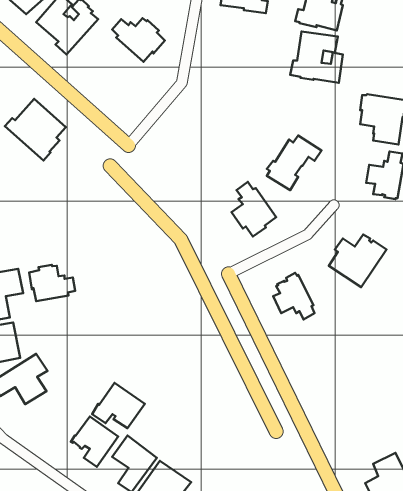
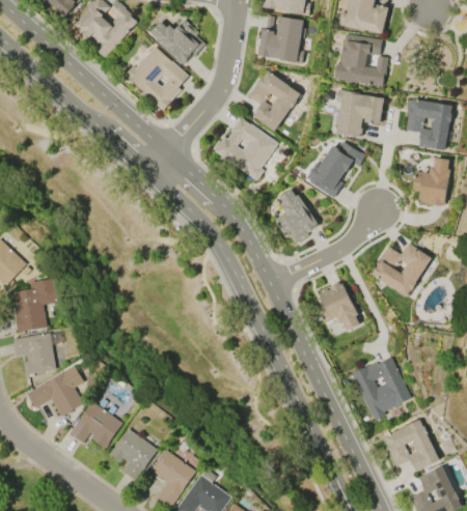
building: none -> [257,16,304,63]
building: none -> [247,72,302,132]
building: none -> [335,89,384,137]
building: [5,99,66,161] -> [125,47,187,110]
building: none -> [212,117,277,181]
building: [29,265,75,301] -> none
building: none -> [350,357,410,421]
building: [92,383,145,428] -> [68,401,122,448]
building: none -> [384,420,439,472]

